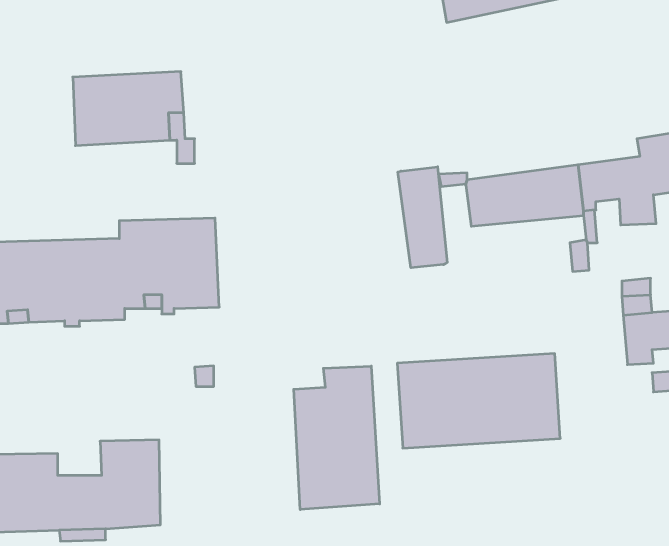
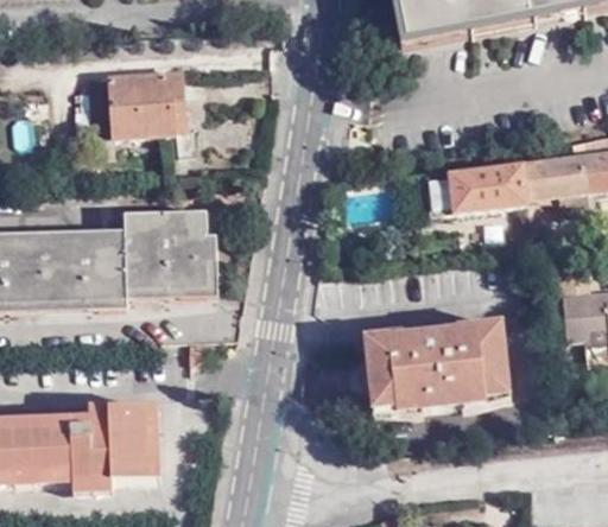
building: [398,167,447,268] -> none
building: [294,366,380,510] -> none
building: none -> [74,404,113,433]

